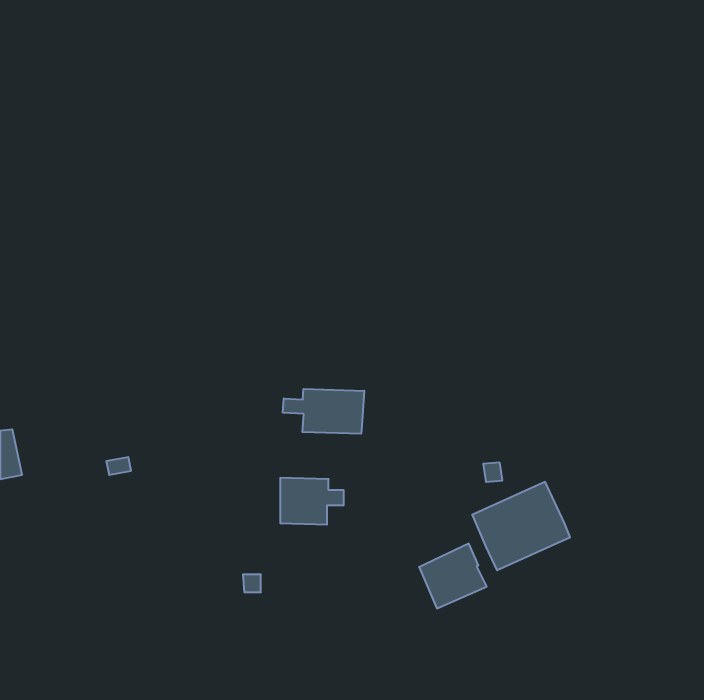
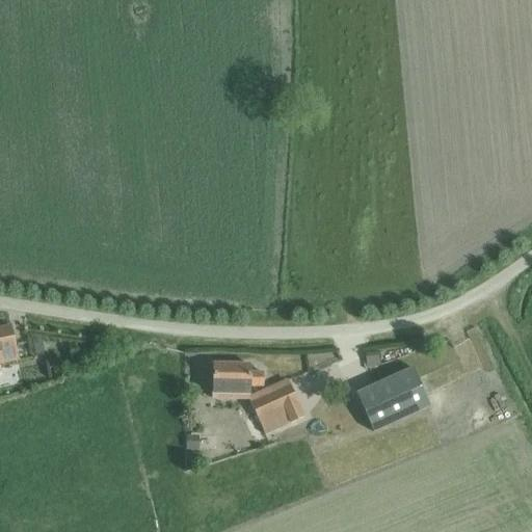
building: [283,389,364,434] -> none
building: [419,544,487,608] -> [251,382,302,431]

